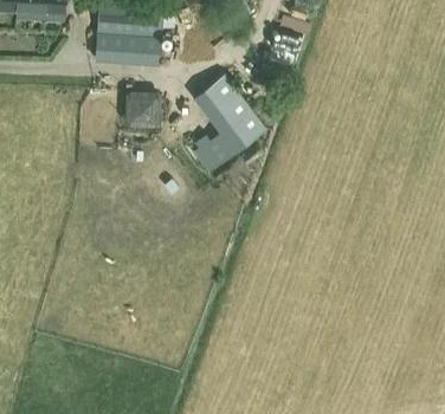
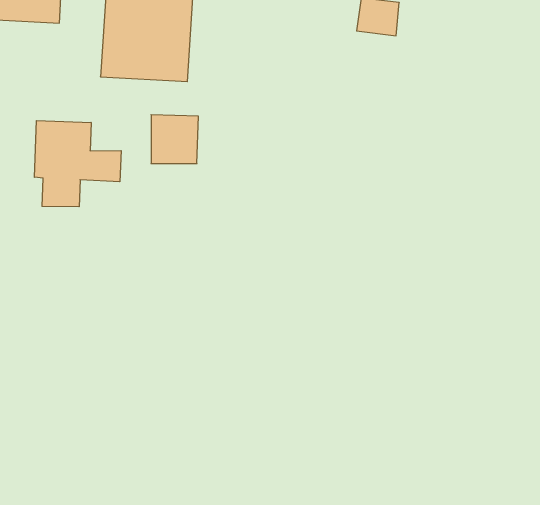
building: [193,76,265,174] -> none
building: none -> [34,121,121,207]

